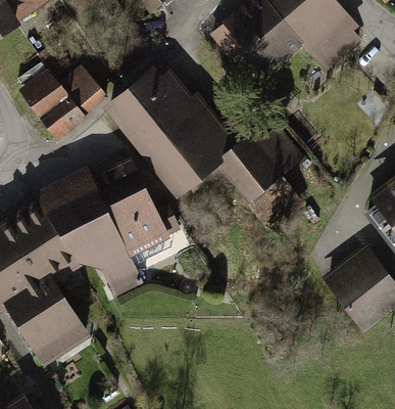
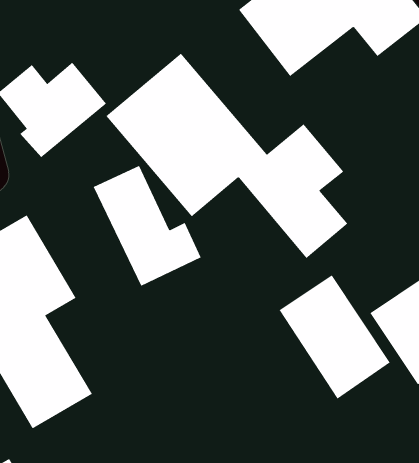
building: [37,165,148,299] -> none
building: none -> [279,275,391,399]

